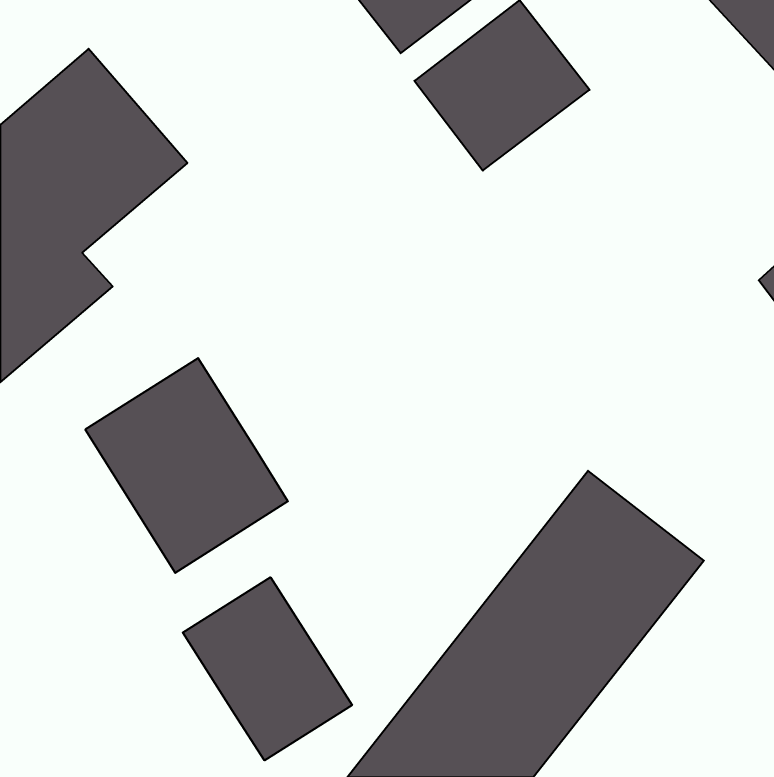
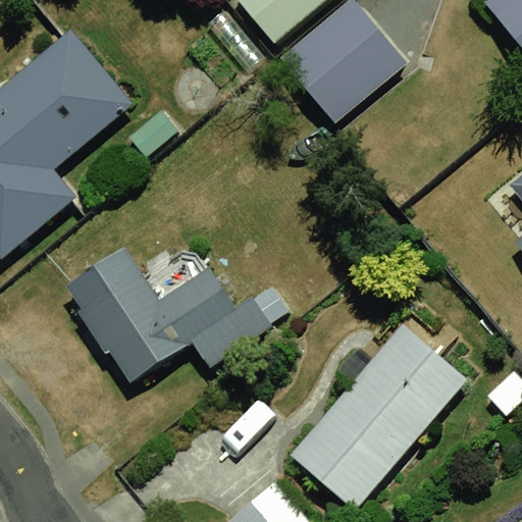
building: none -> [174,274,273,370]
building: [183,577,352,760] -> none

